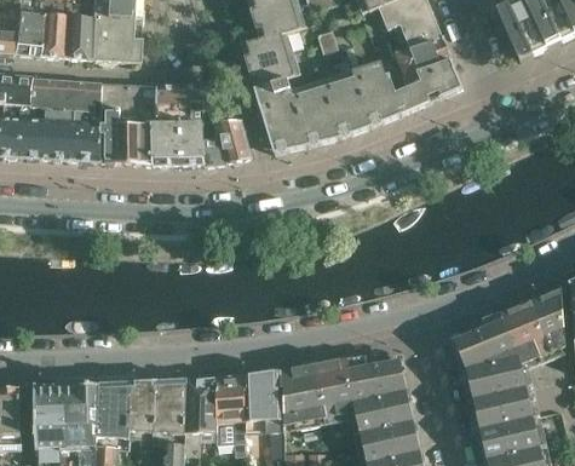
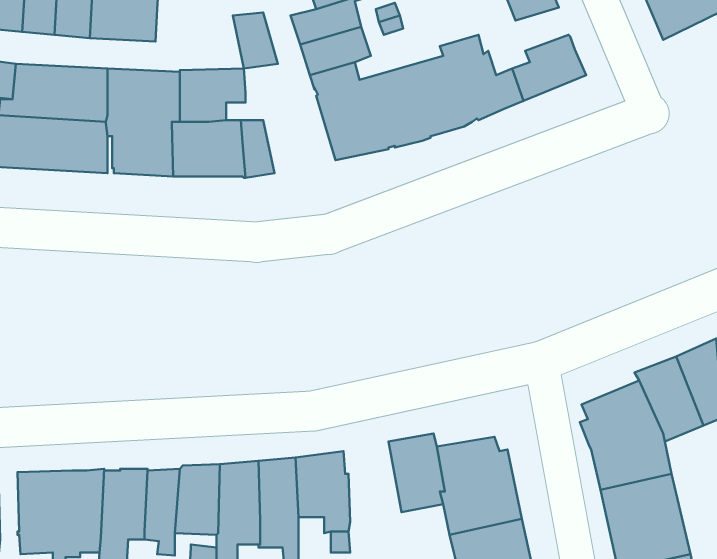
building: [392,36,448,75] -> none
building: [218,119,252,161] -> [233,12,278,69]
building: [278,363,322,424] -> none

